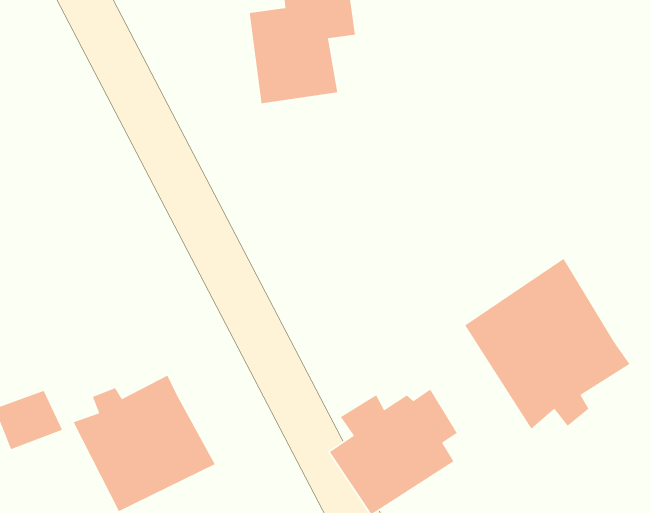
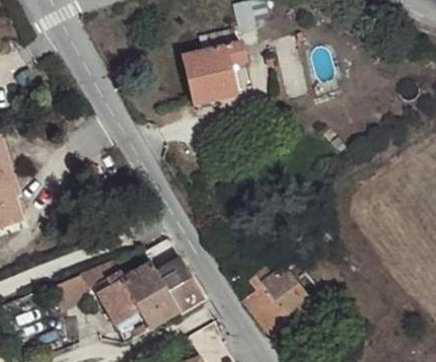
building: [464,258,630,430] -> none
building: none -> [155,259,204,311]

